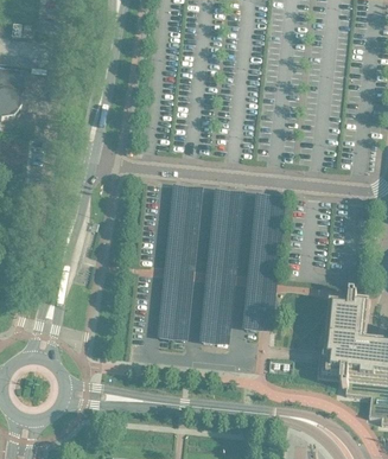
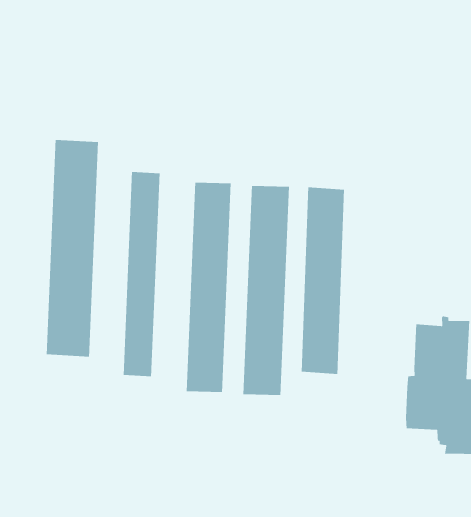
building: none -> [46,139,99,357]
building: none -> [123,171,160,377]

